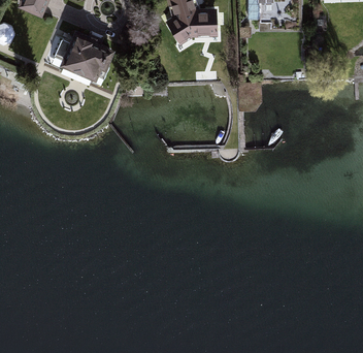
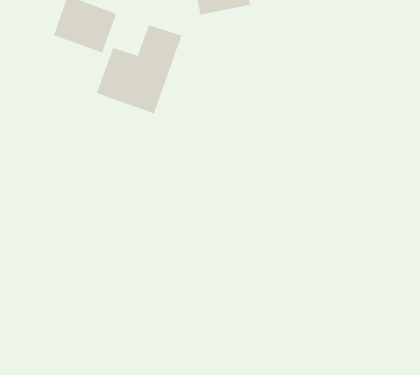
building: none -> [96,24,182,114]

